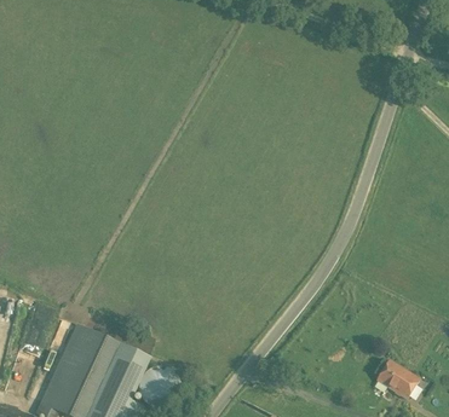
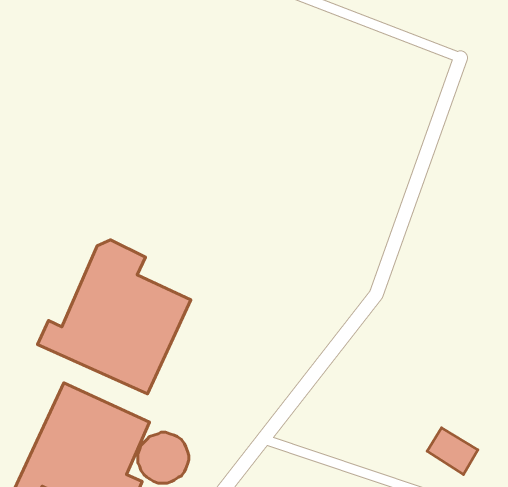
building: none -> [38,240,191,394]

